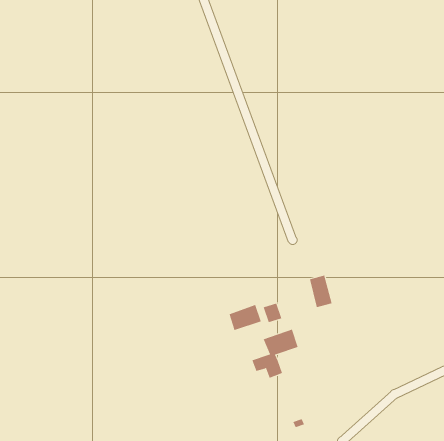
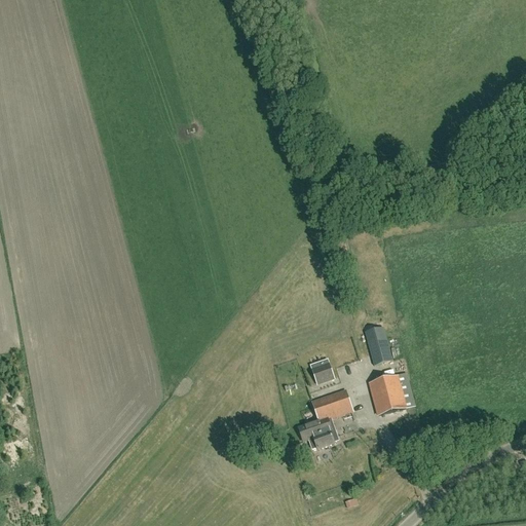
building: [229,304,261,331] -> none
building: none -> [369,374,405,413]

